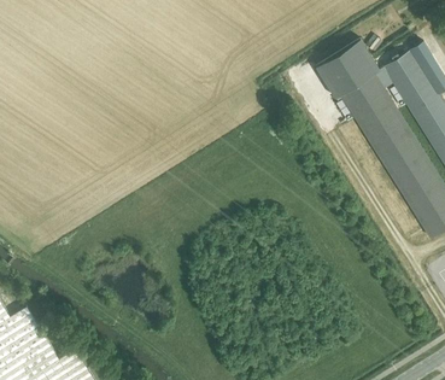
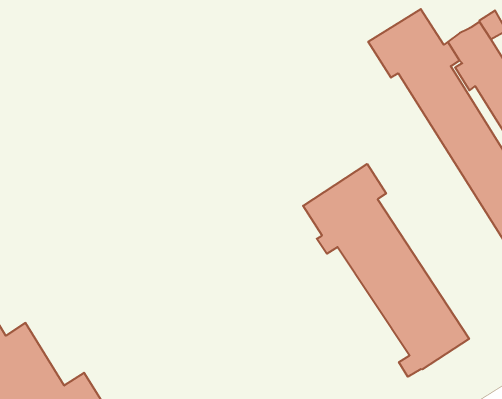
building: none -> [303,164,469,377]

